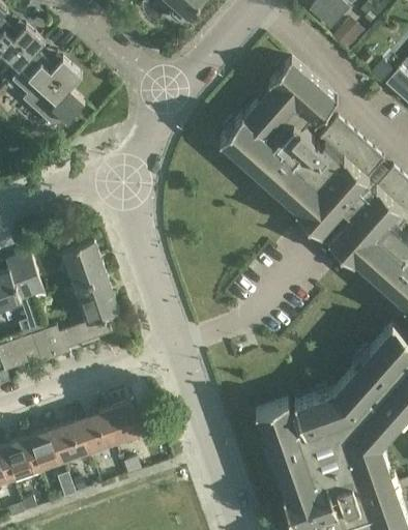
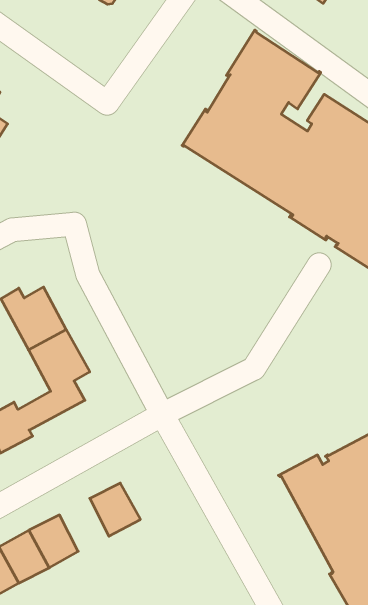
building: [78,411,114,451] -> none

